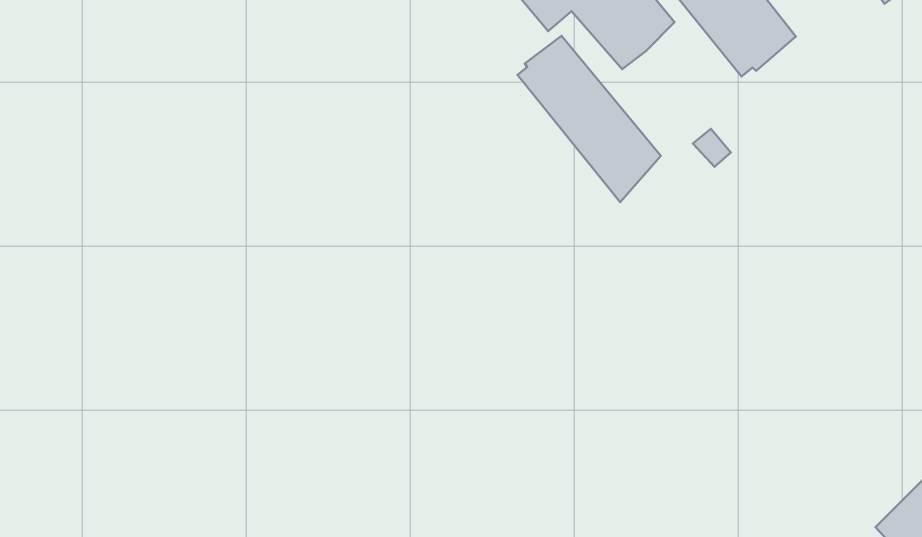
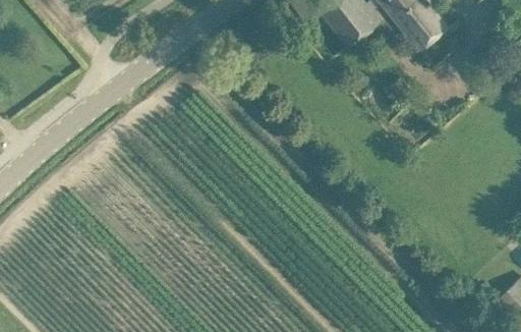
building: [518,36,661,202] -> none

